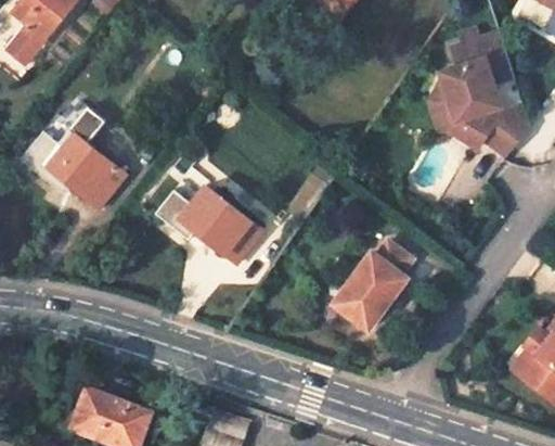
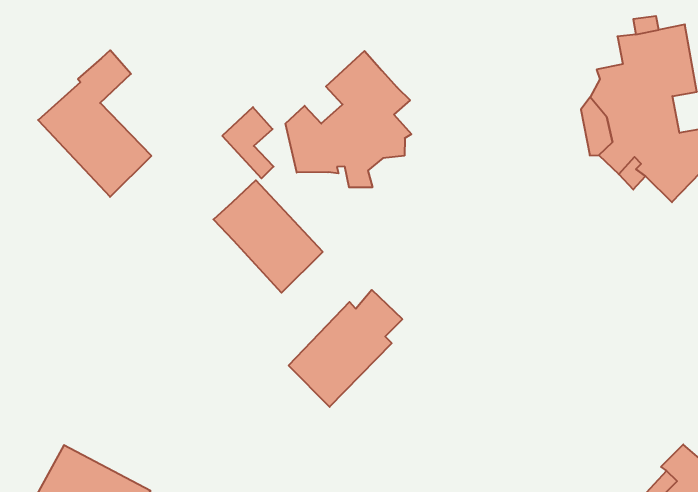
building: none -> [285,51,411,187]
building: [153,187,193,238] -> [222,107,274,178]
building: [334,238,412,327] -> [289,290,402,407]

